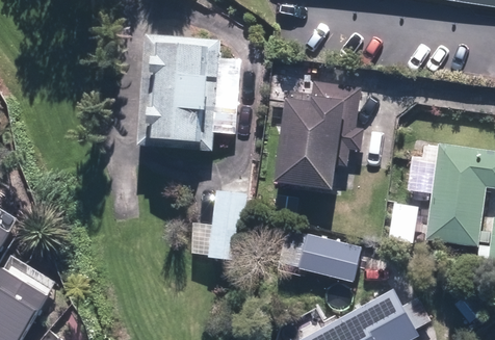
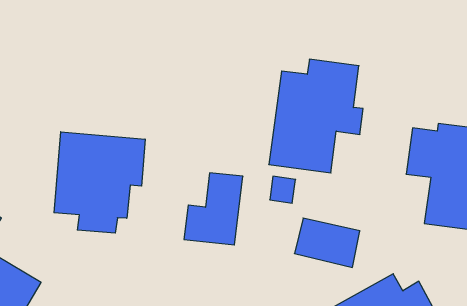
building: [135,34,240,154] -> none
building: none -> [54,132,145,233]

